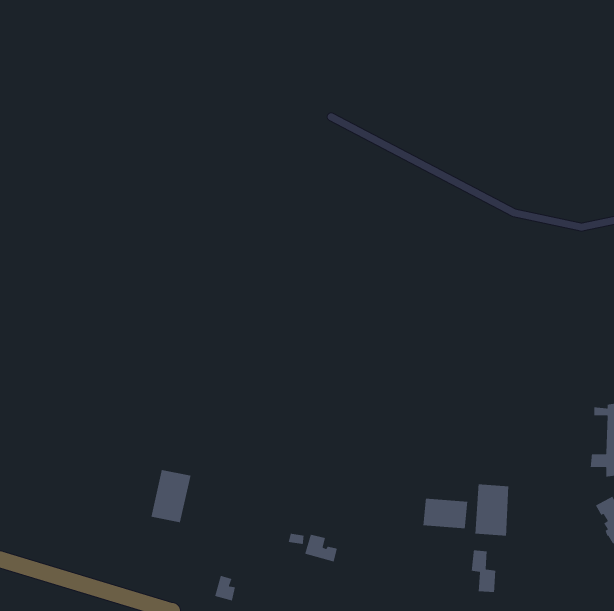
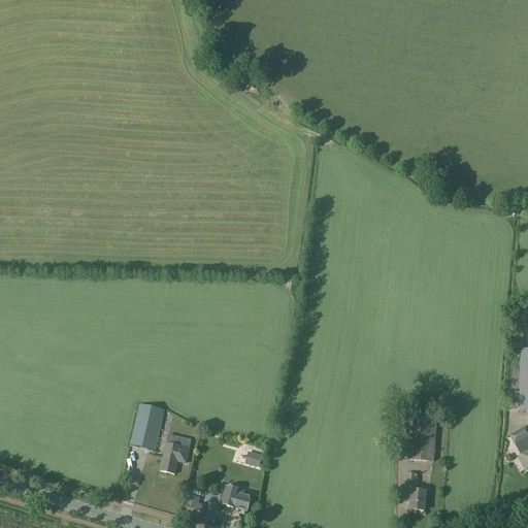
building: [422,498,468,529] -> none
building: none -> [161,441,190,472]
building: [304,534,338,563] -> [222,485,251,509]

